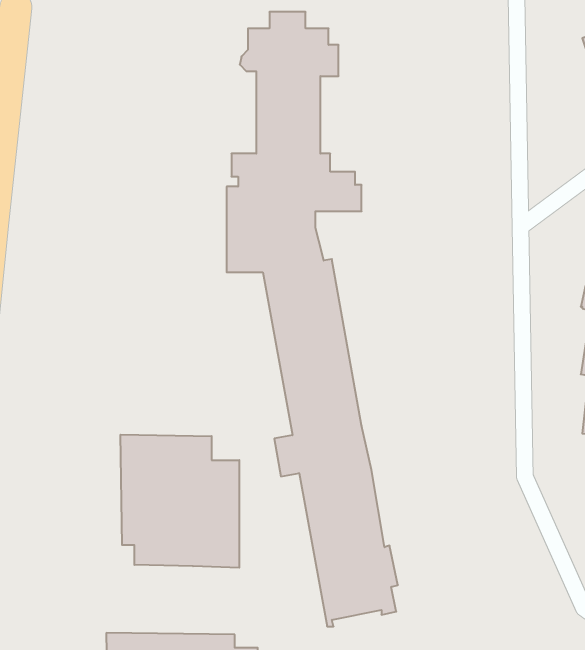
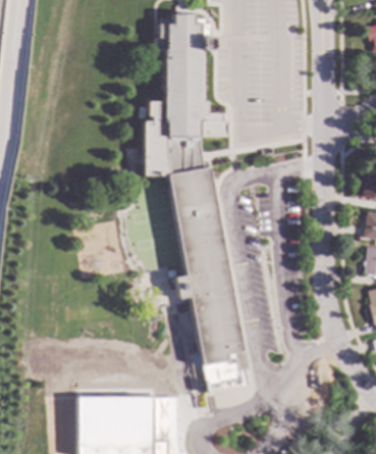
building: [121,435,239,568] -> none

